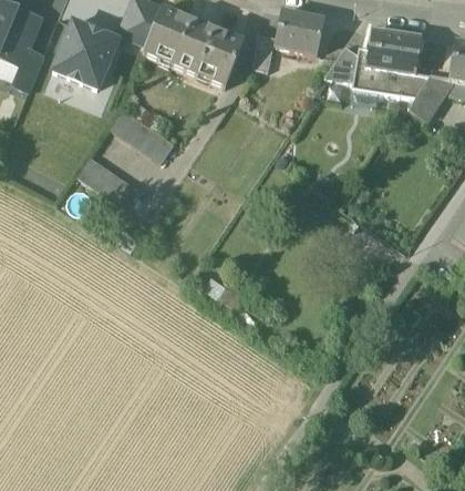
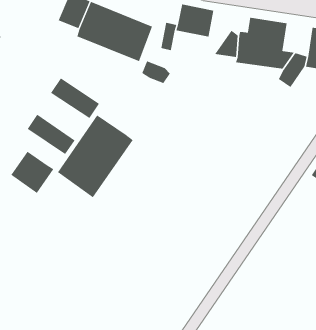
building: [53,21,117,88] -> none
building: none -> [141,60,171,84]
building: none -> [57,115,133,198]
building: none -> [11,151,54,194]

